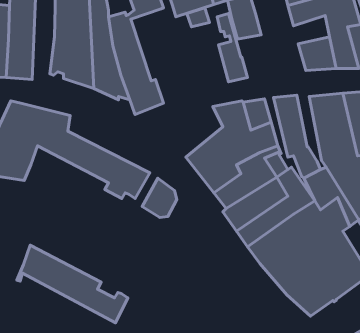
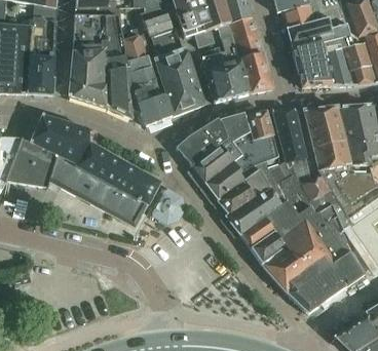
building: none -> [151,30,203,116]
building: none -> [292,36,325,62]
building: none -> [200,51,232,102]
building: none -> [240,53,272,92]
building: none -> [176,118,227,165]
building: [17,245,128,323] -> [45,155,147,226]

